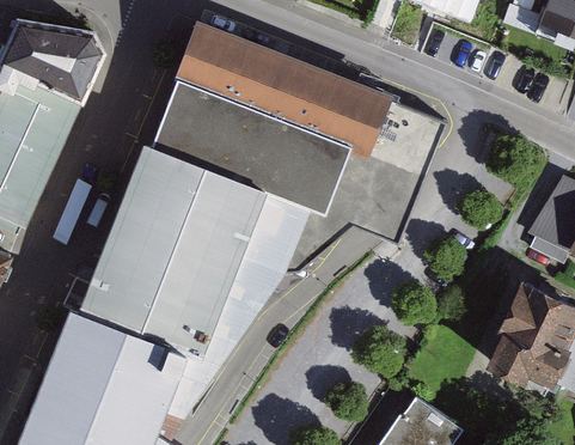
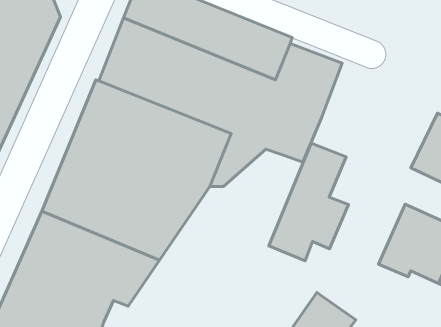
building: none -> [269,143,349,261]

